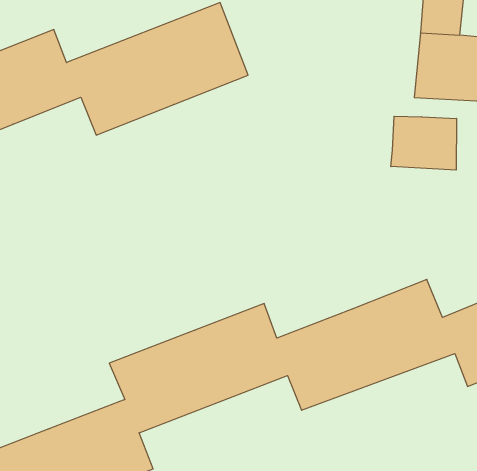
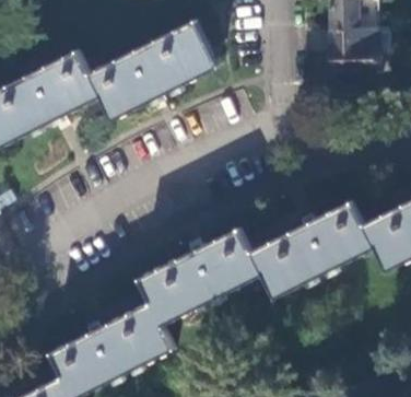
building: [391,116,456,170] -> none

